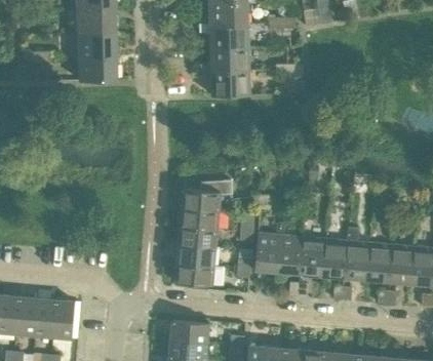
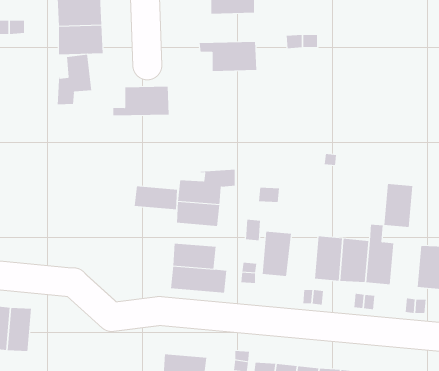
building: [200,46,249,72] -> [112,86,170,116]
building: none -> [57,54,92,105]
building: [179,227,216,247] -> [134,186,178,210]
building: [276,236,303,275] -> none
building: [365,244,391,282] -> [383,183,413,228]
building: [53,300,75,339] -> none
building: [170,321,208,343] -> none

